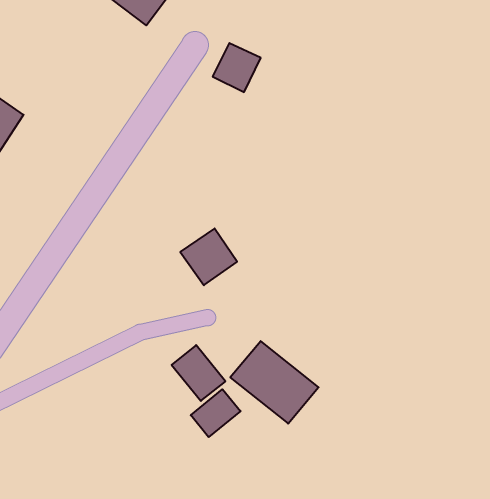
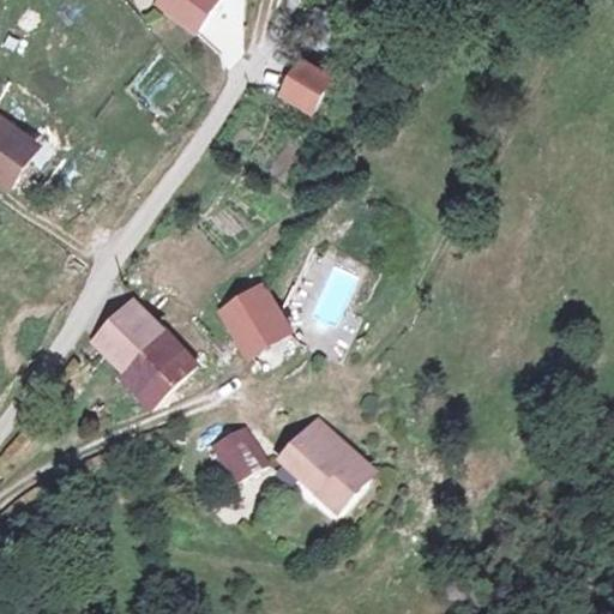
building: none -> [84,296,199,413]
building: [191,389,241,437] -> none

